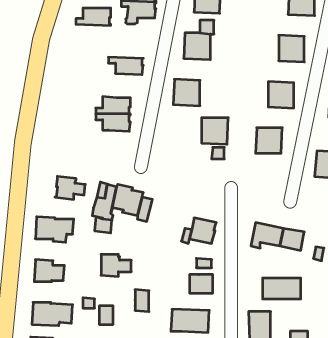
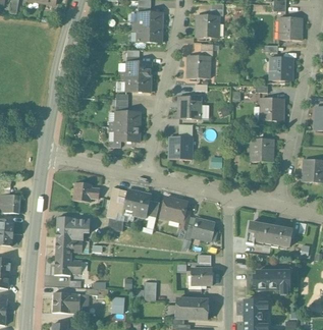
building: [76,8,111,25] -> [120,62,151,77]
building: [202,118,228,144] -> [169,136,193,160]
building: none -> [164,202,187,226]
building: [101,254,131,276] -> [56,236,83,256]

